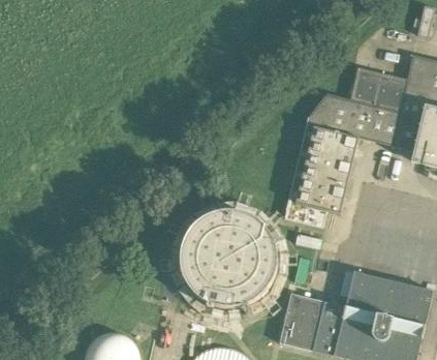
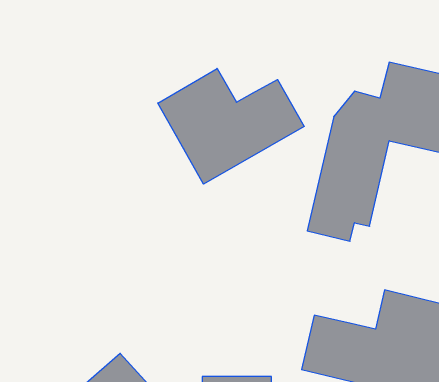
building: none -> [158,68,304,184]
building: [183,204,280,301] -> none

